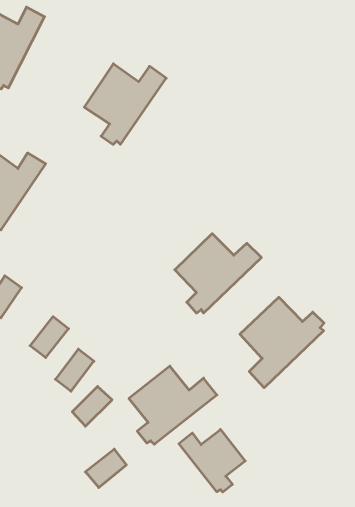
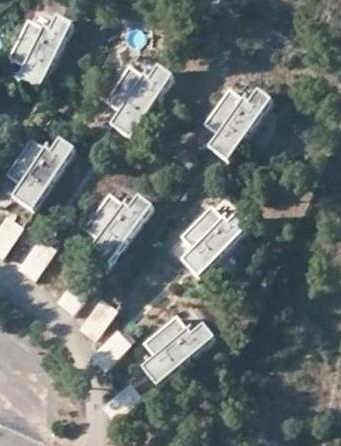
building: none -> [201,89,270,155]
building: none -> [82,194,151,260]
building: [240,297,324,388] -> none
building: [179,429,245,492] -> none

